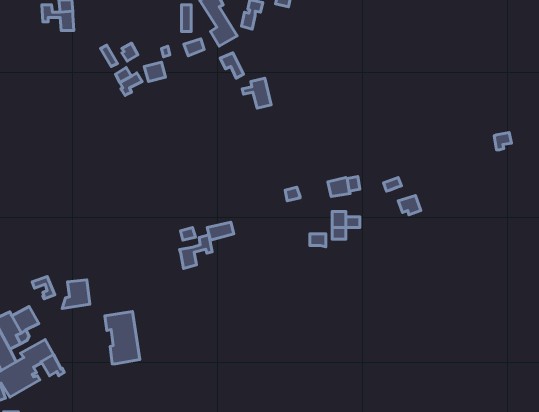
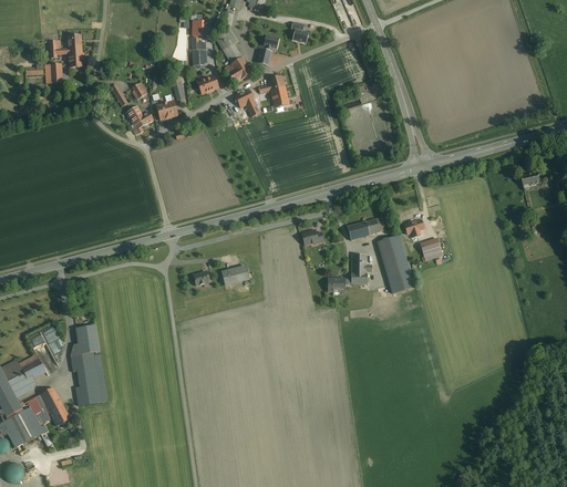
building: none -> [25,63,63,82]
building: [242,78,271,108] -> [259,75,289,106]
building: none -> [382,236,410,276]
building: [180,235,212,268] -> none
building: [105,311,140,364] -> [71,351,107,405]

